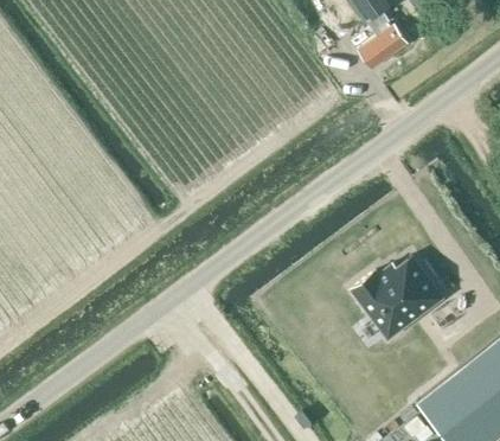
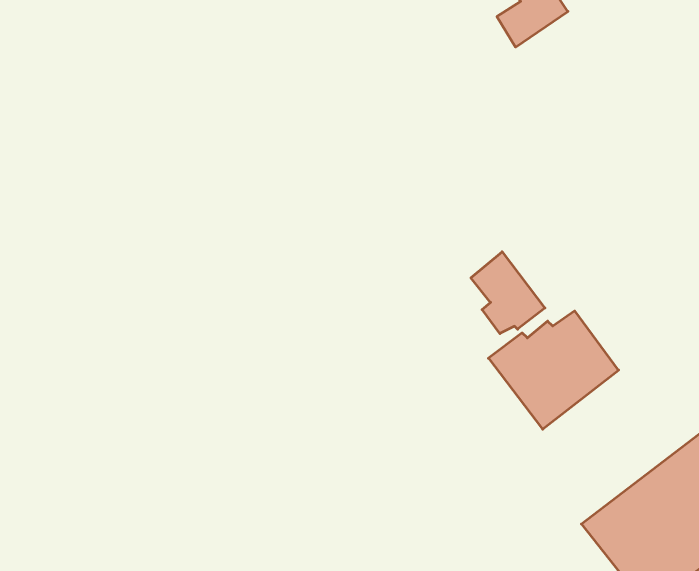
building: none -> [471,252,545,334]

